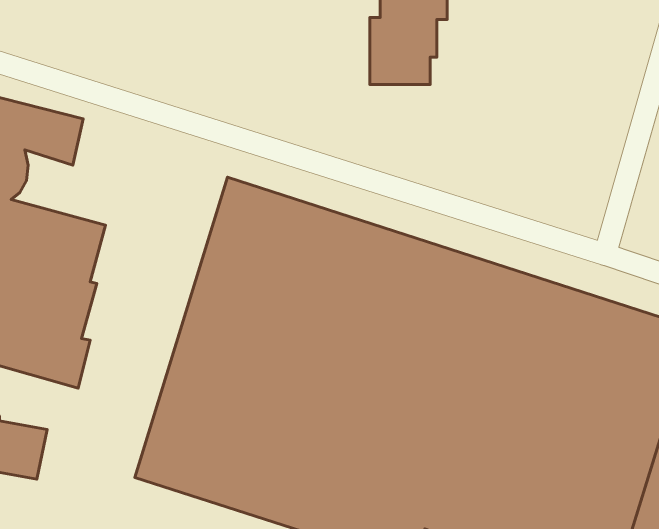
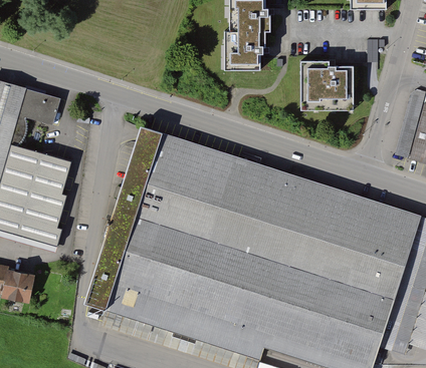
building: none -> [301,64,356,109]

